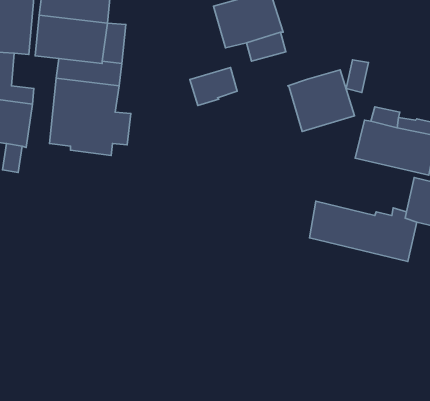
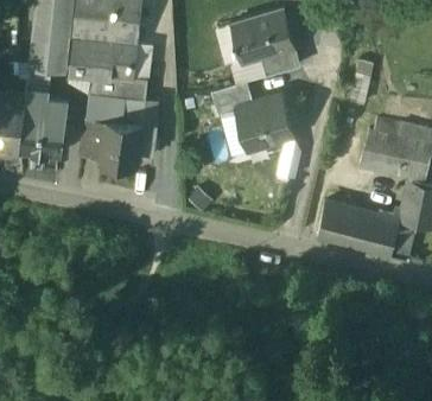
building: [288,70,355,132] -> [235,95,296,151]

